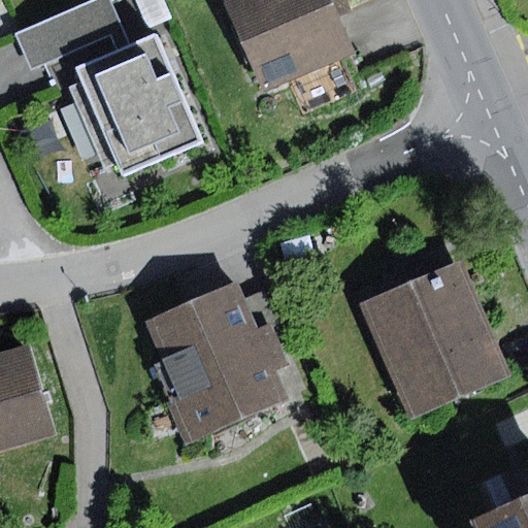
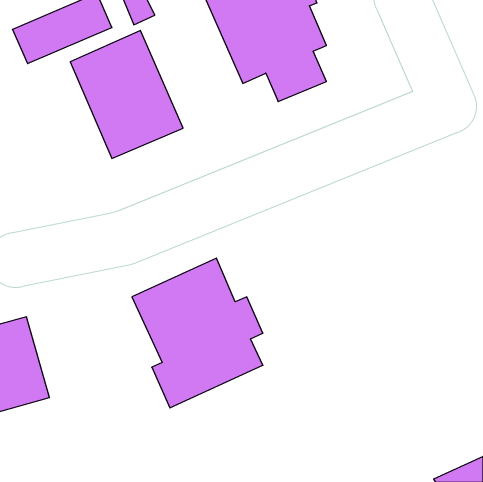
building: [358,258,512,419] -> none

